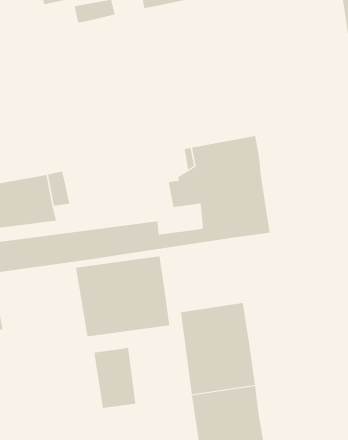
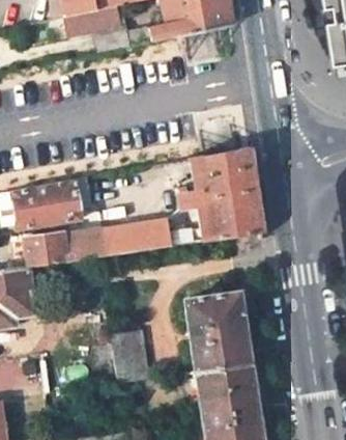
building: [76,255,170,337] -> none

